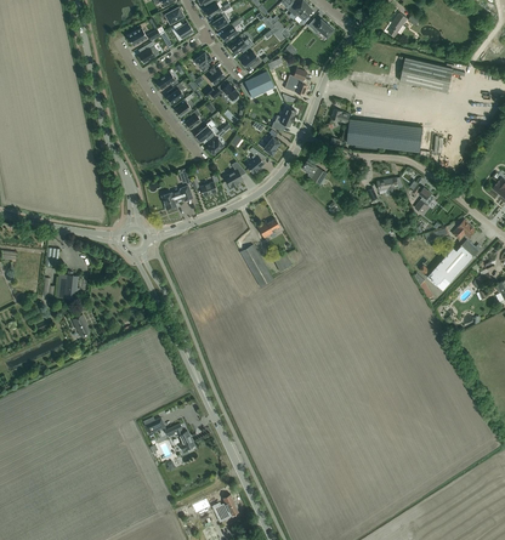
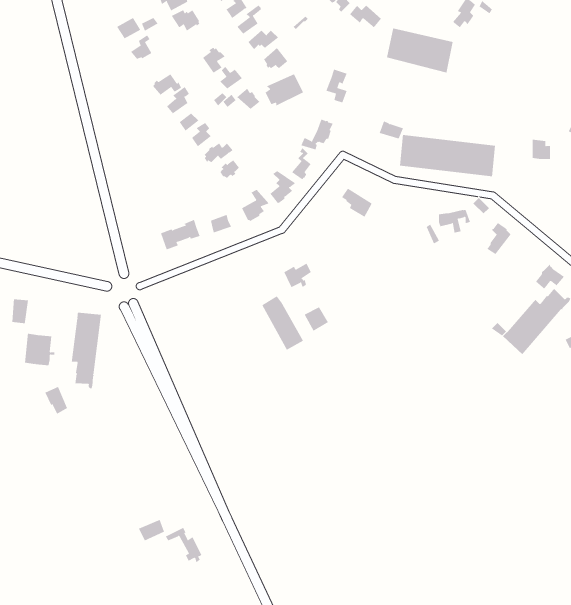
building: [401,57,453,92] -> [386,28,453,73]
building: none -> [71,312,101,389]

